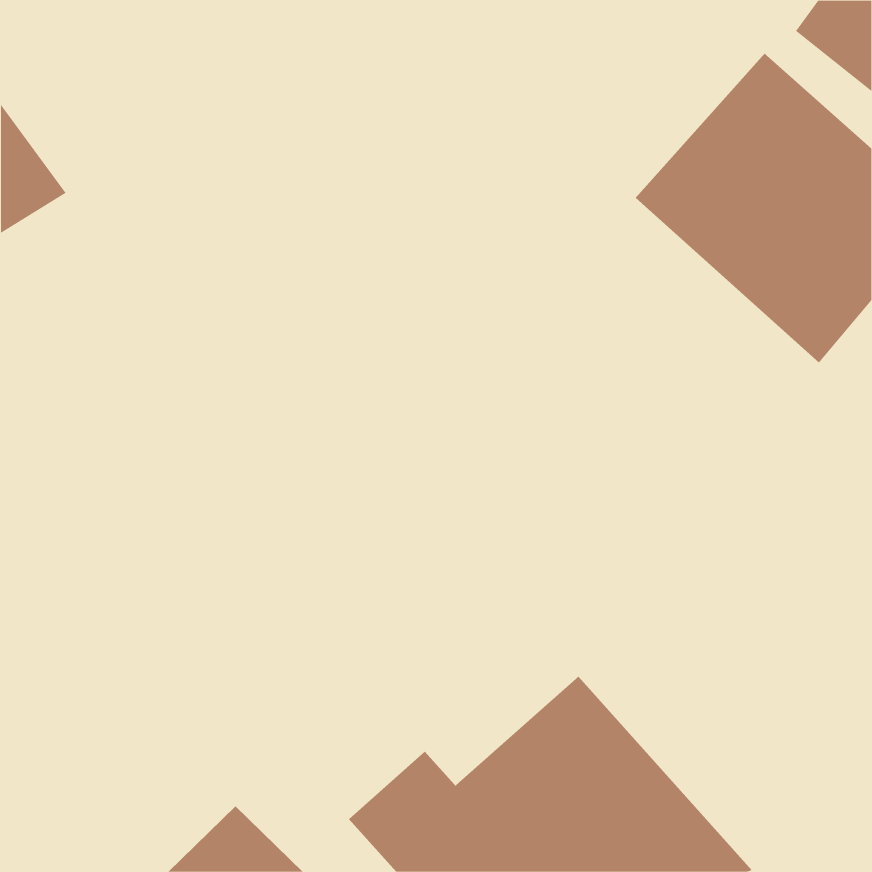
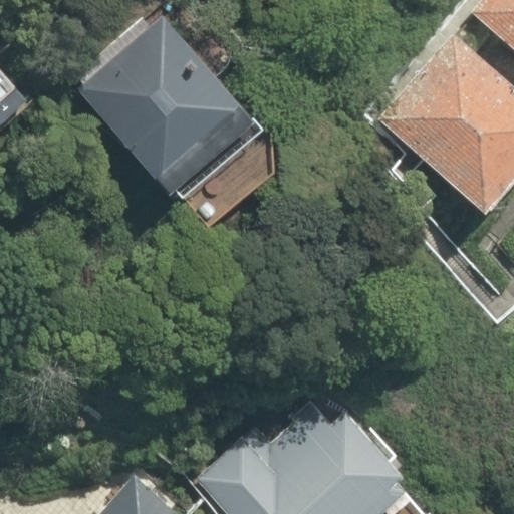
building: none -> [83,24,242,182]

